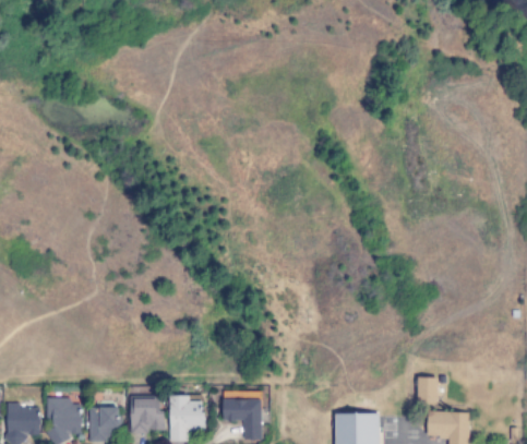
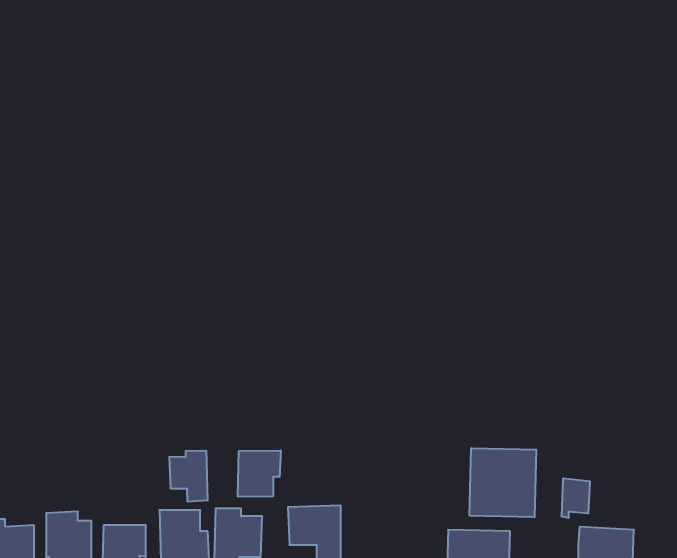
building: none -> [470,448,536,517]
building: none -> [238,450,281,497]
building: none -> [169,451,208,502]

